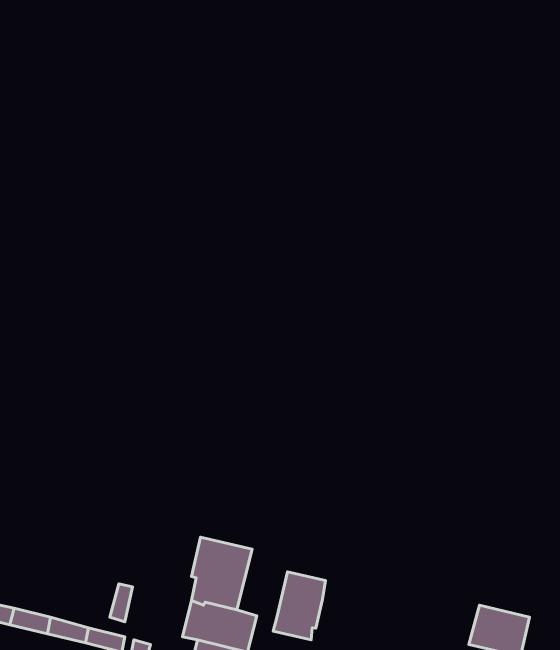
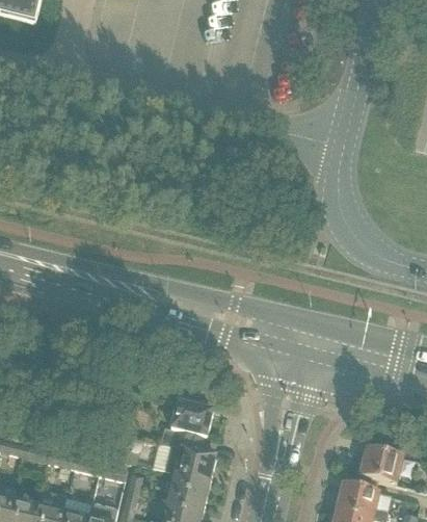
building: [273,572,326,640] -> none

